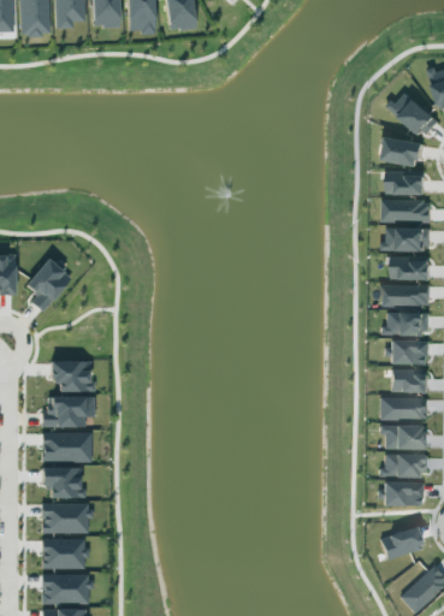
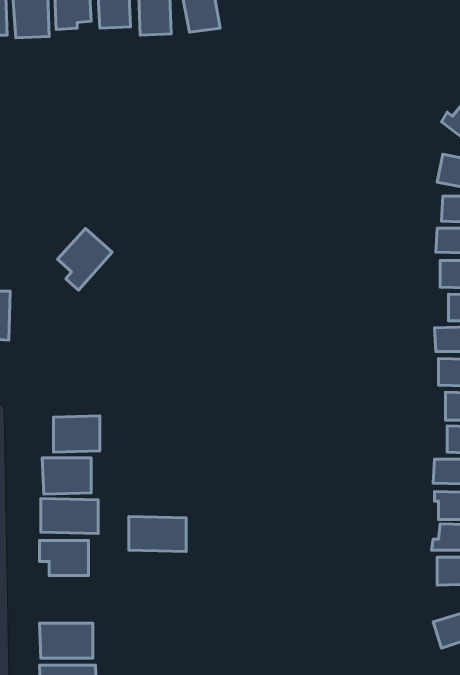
building: [24,259,71,312] -> [57,228,112,290]
building: [41,504,90,534] -> [129,516,186,551]

